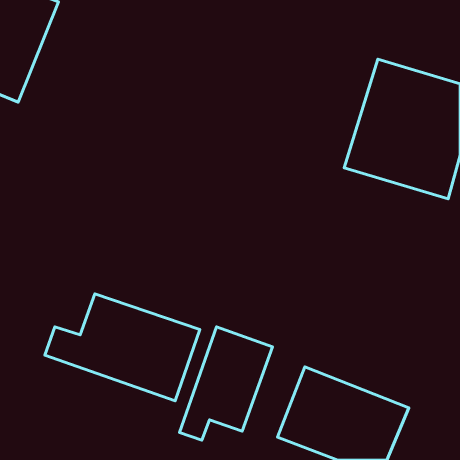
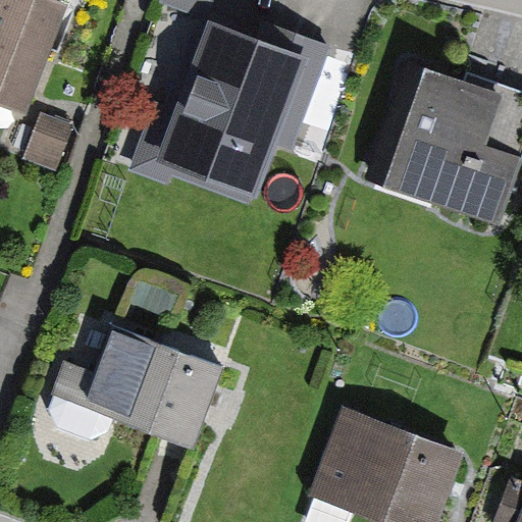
building: none -> [161,24,325,203]
building: [179,327,272,440] -> none

